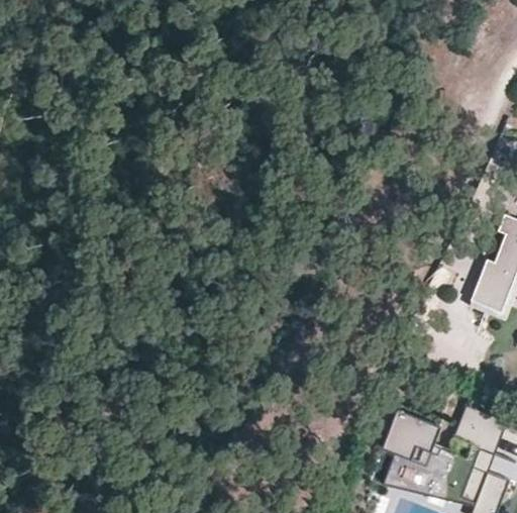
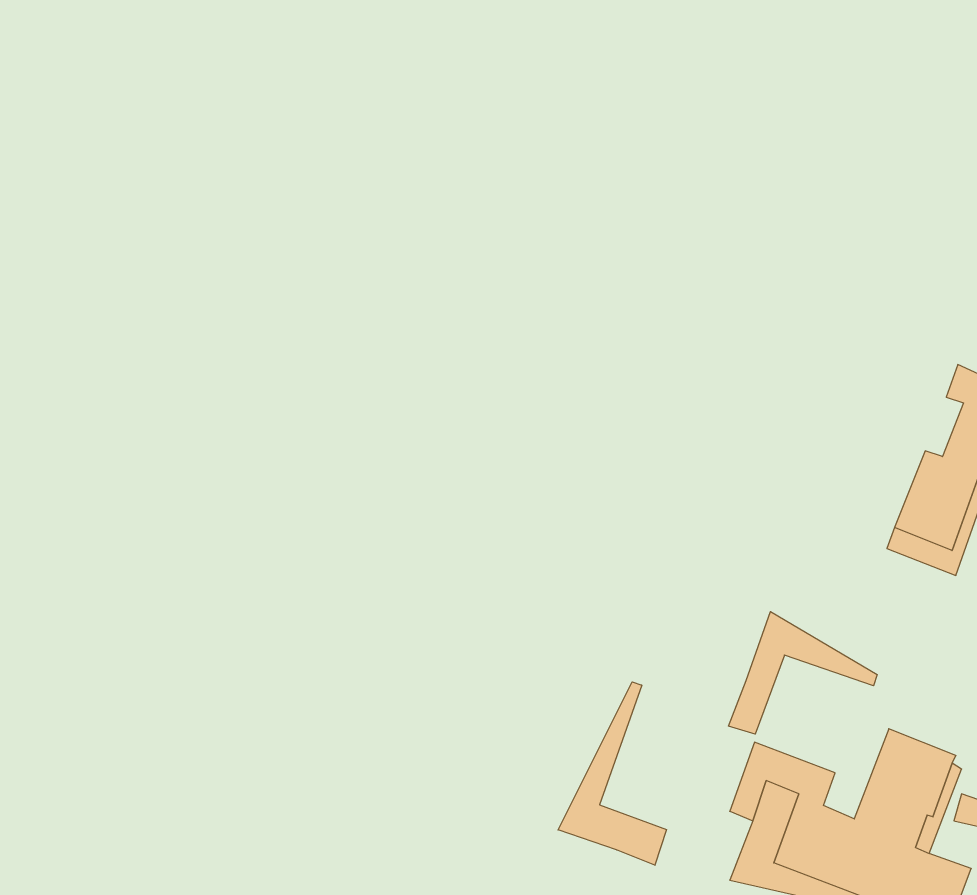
building: none -> [729,612,877,734]
building: none -> [558,682,667,865]

